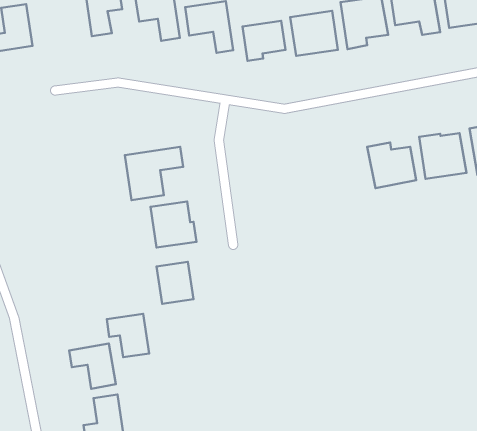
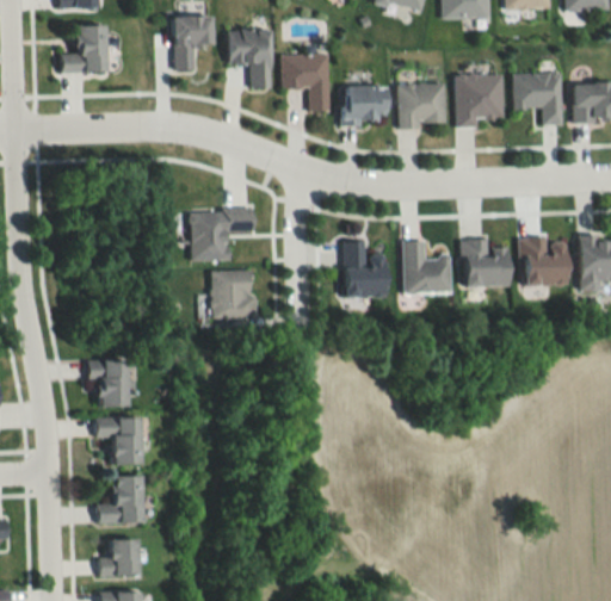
building: none -> [403,241,452,293]
building: none -> [344,241,388,297]
building: [156,262,193,304] -> none
building: [107,314,149,357] -> [88,360,130,405]

